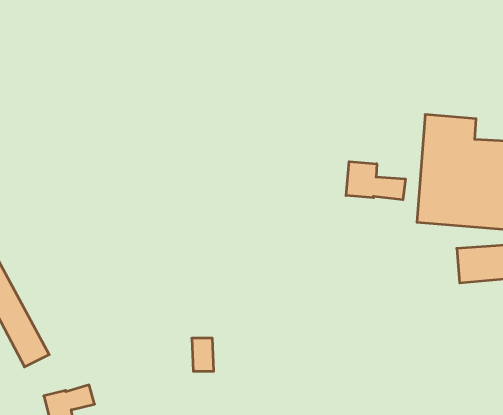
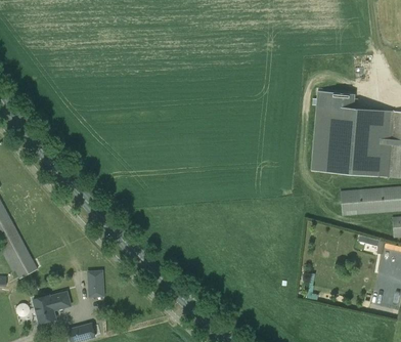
building: [346,162,405,200] -> none
building: [192,338,214,371] -> [88,270,104,295]

